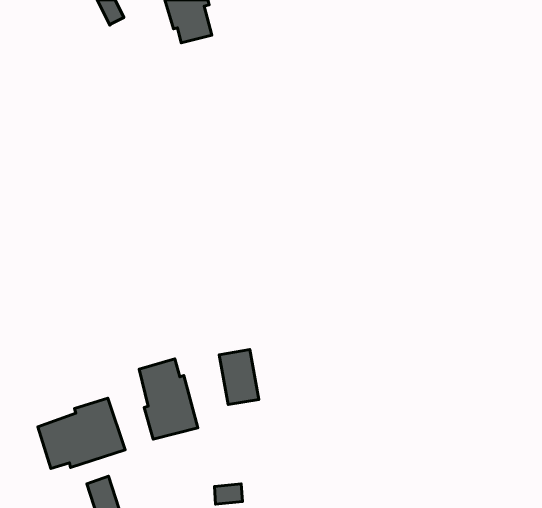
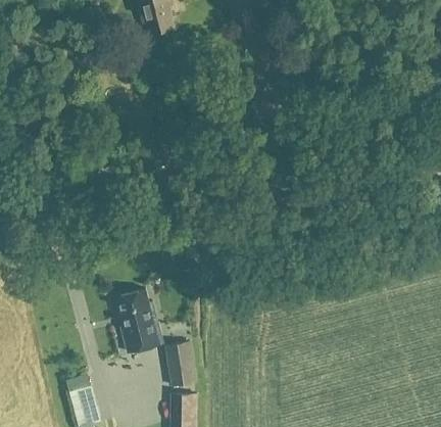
building: [219,350,259,404] -> [164,343,196,387]
building: [38,398,125,469] -> none

